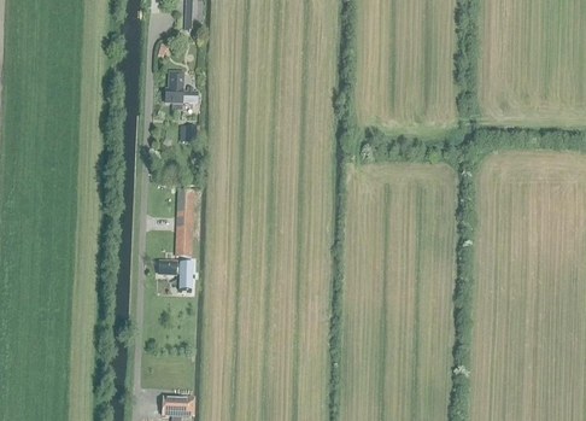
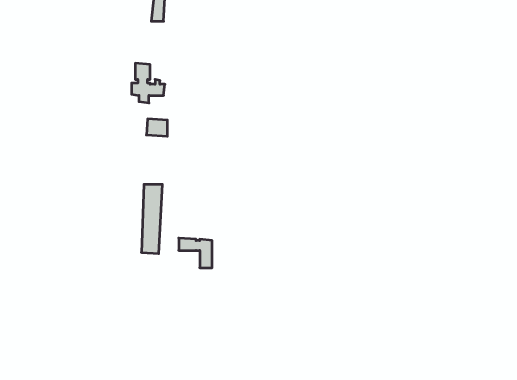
building: [159,261,192,290] -> [179,238,212,268]

